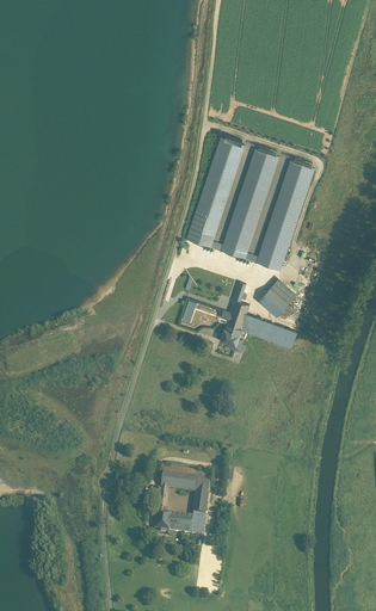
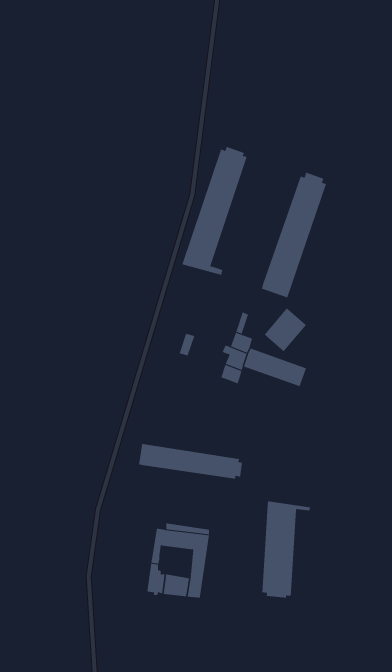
building: [222,144,279,257] -> none
building: none -> [139,443,243,480]
building: none -> [262,501,311,598]

